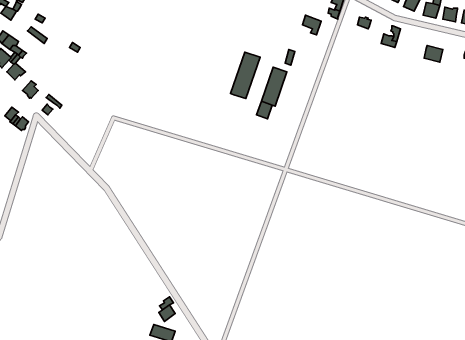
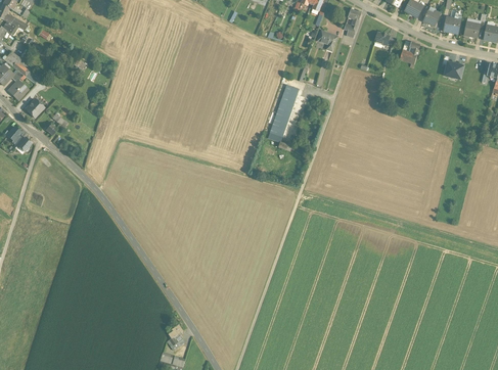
building: [231,52,260,99] -> none

